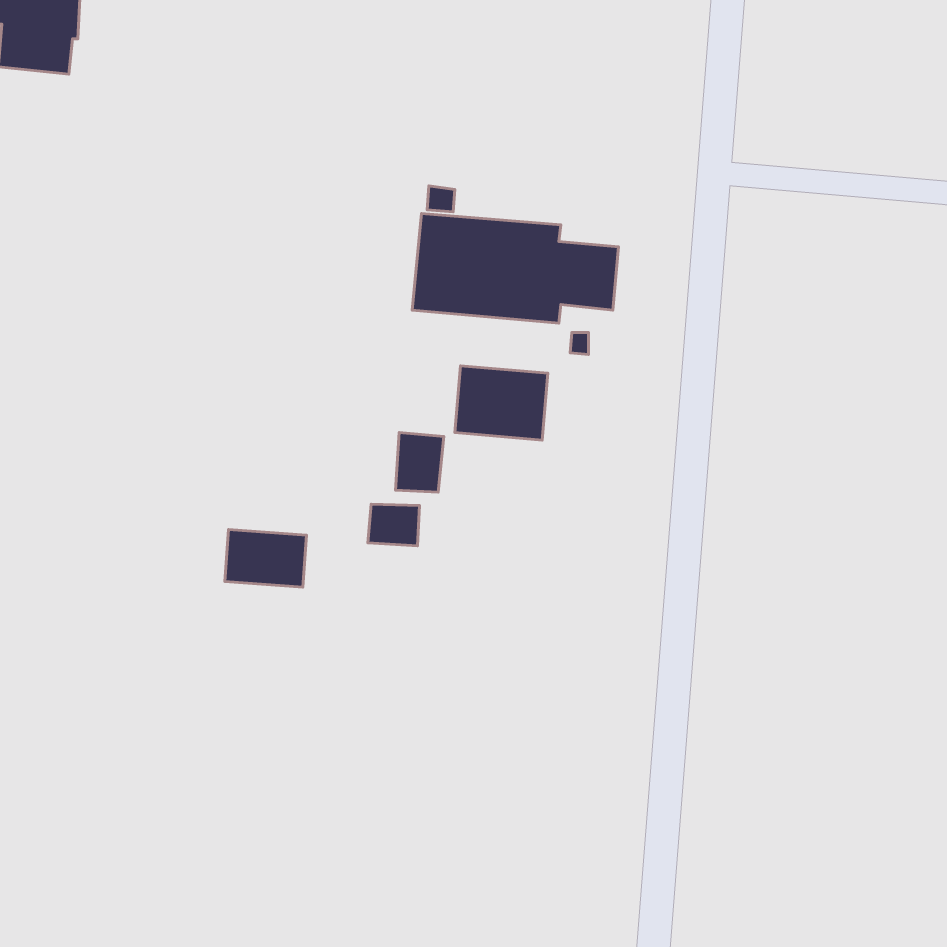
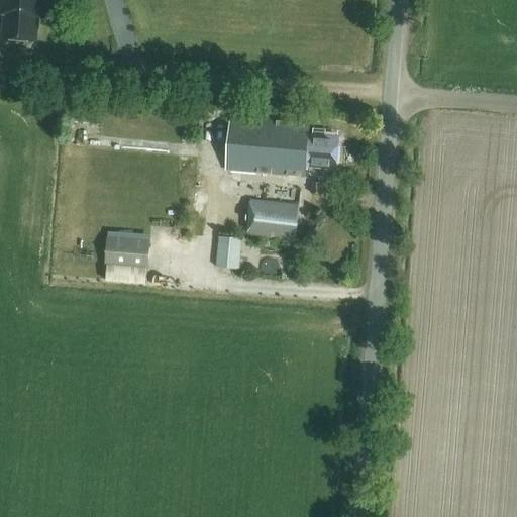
building: [368,504,419,546] -> none
building: [225,530,306,587] -> [104,236,148,268]

